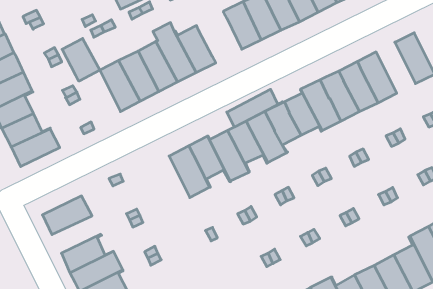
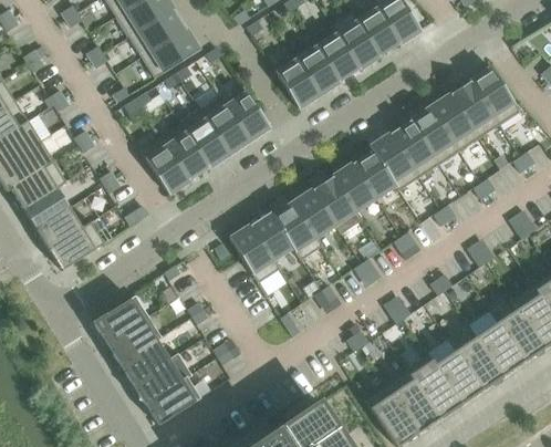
building: [62,38,100,81] -> none
building: none -> [451,80,500,137]
building: [227,89,283,127] -> none
building: none -> [107,315,163,362]

